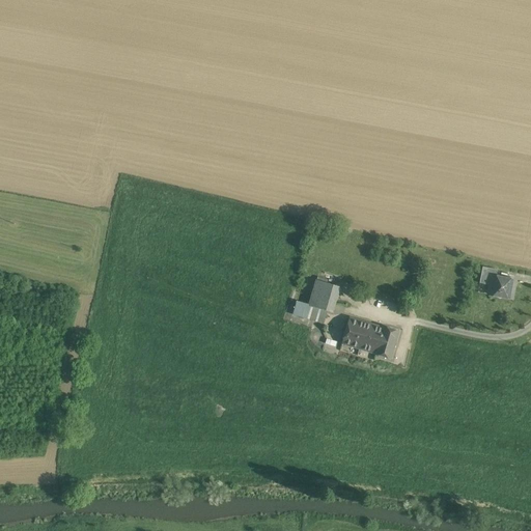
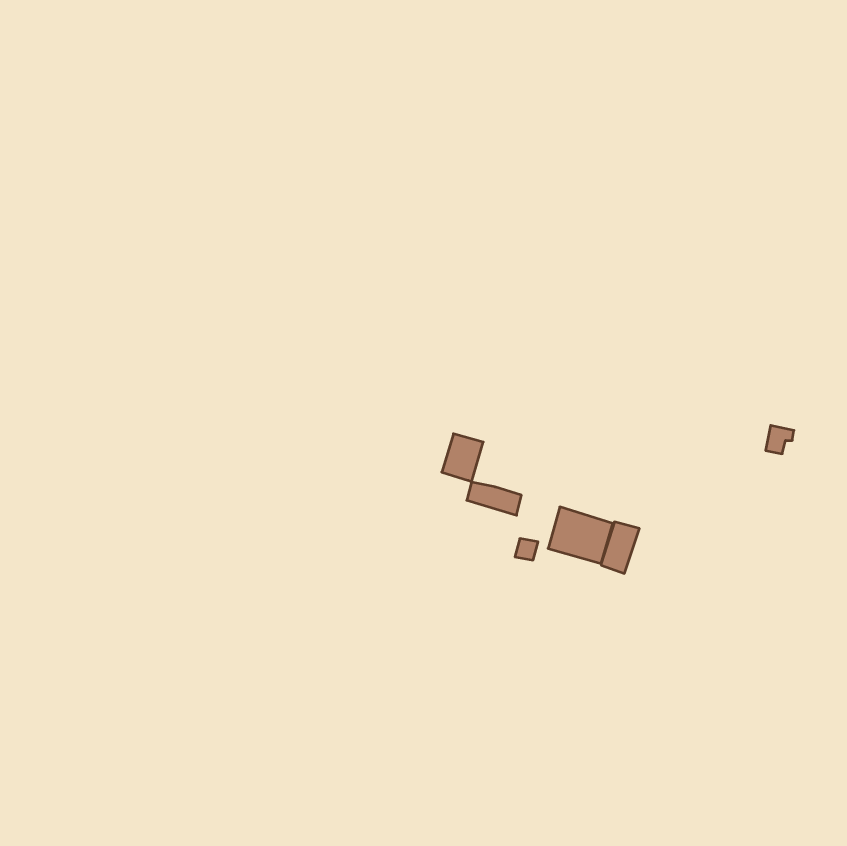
building: [486,275,514,298] -> none
building: [309,280,335,310] -> [442,434,483,482]

